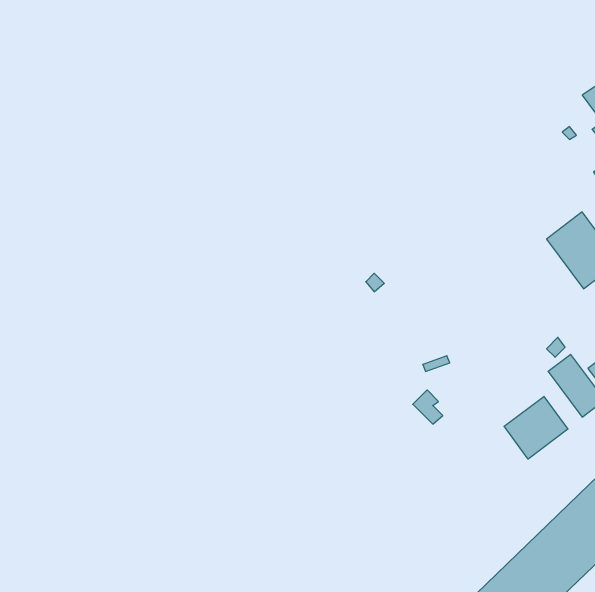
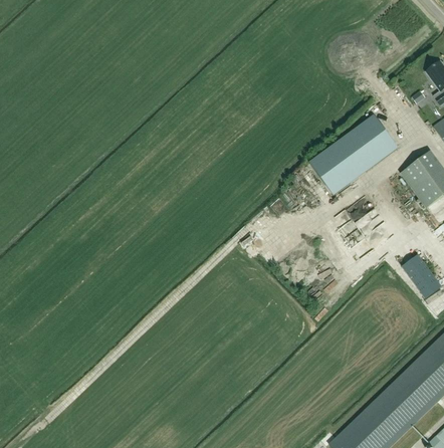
building: none -> [308,115,398,195]
building: [504,396,568,459] -> none

